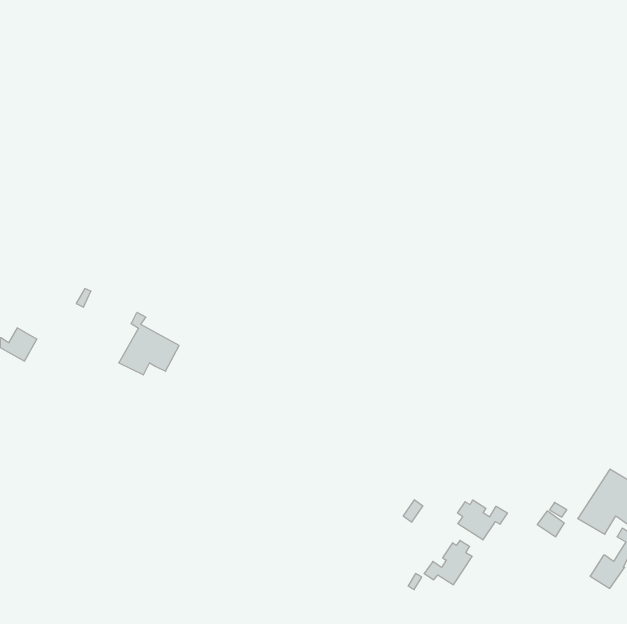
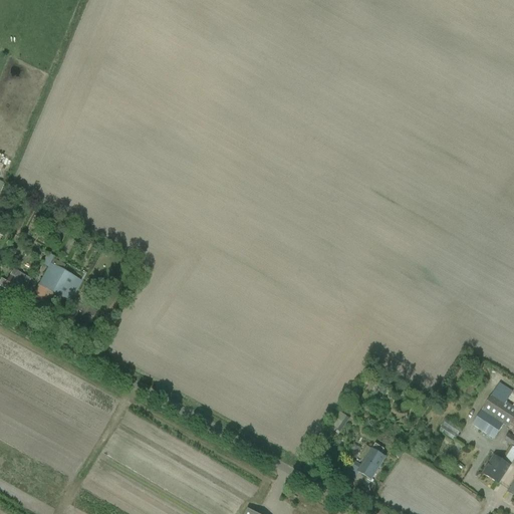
building: [119,312,179,375] -> [33,252,82,303]
building: [458,500,507,540] -> none

